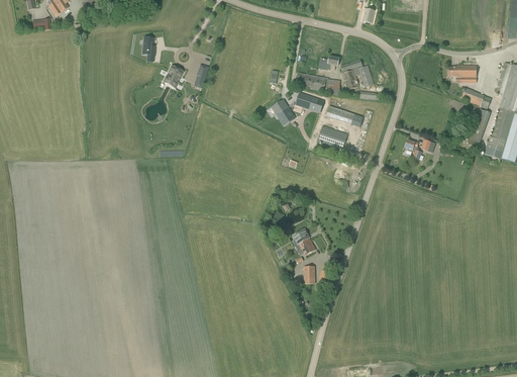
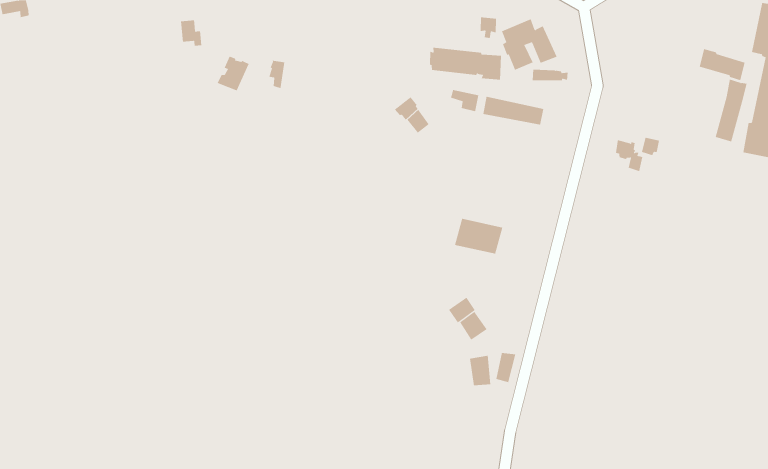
building: [448,65,477,82] -> none
building: [317,124,348,149] -> [454,218,503,254]

